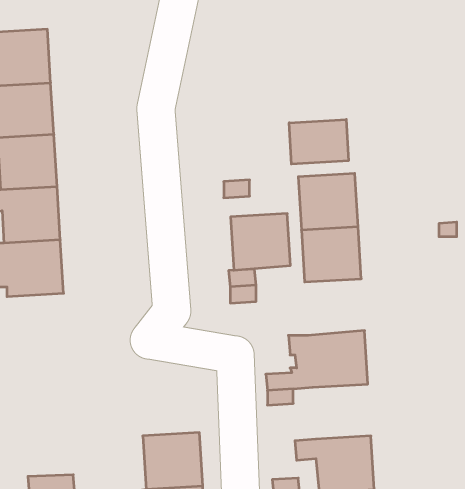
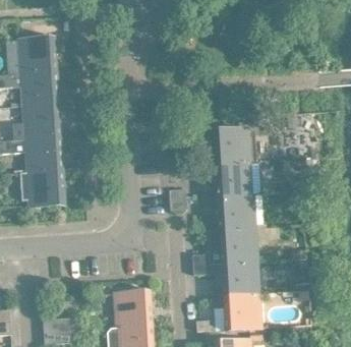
building: [289,119,348,164] -> none
building: [231,214,290,270] -> [217,194,254,230]
building: none -> [222,261,258,295]

